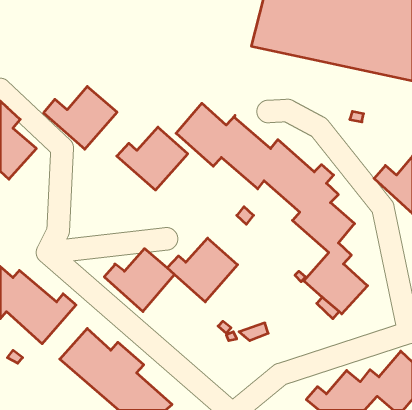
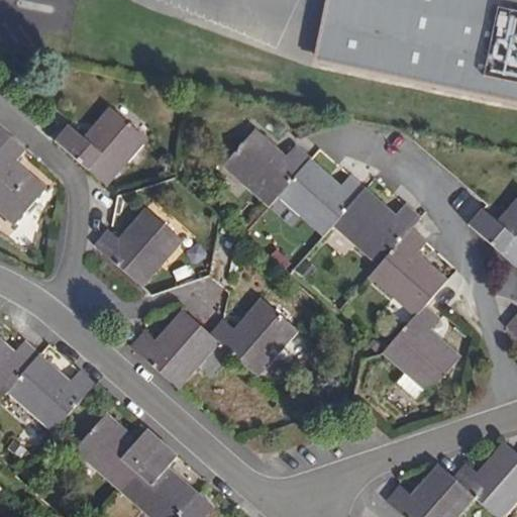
building: [117,127,188,190] -> [93,209,182,288]

